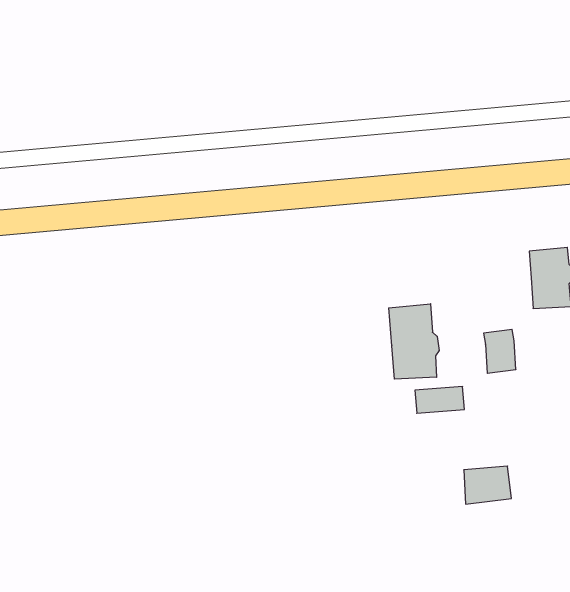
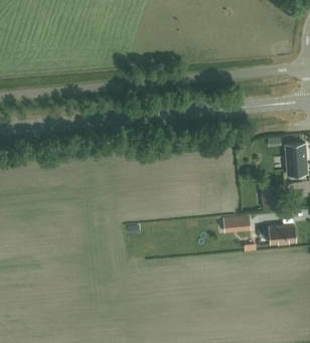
building: [389,304,439,379] -> none
building: [464,466,511,504] -> [270,223,295,243]

